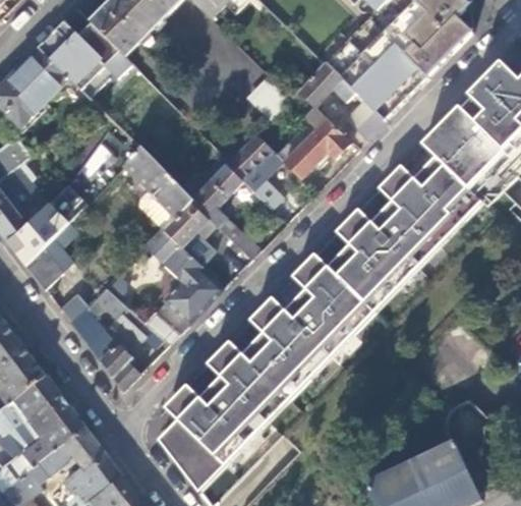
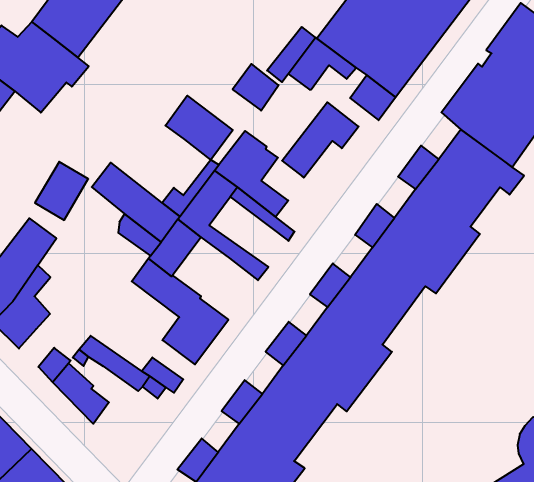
building: none -> [165,96,233,160]
building: [180,218,229,267] -> none
building: [99,344,139,391] -> none

